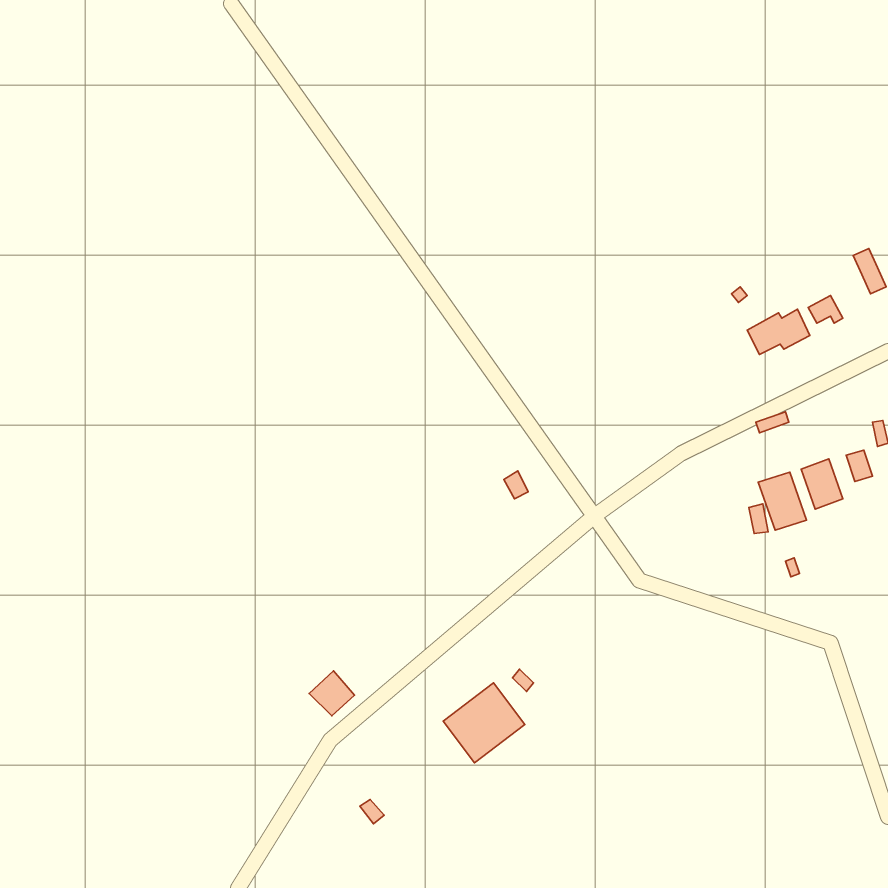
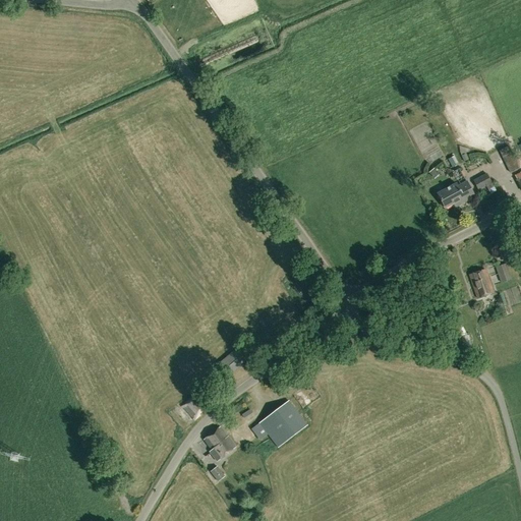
building: [758,472,806,530] -> none
building: none -> [202,426,236,461]

